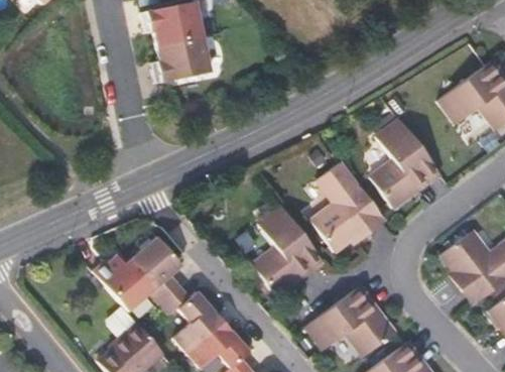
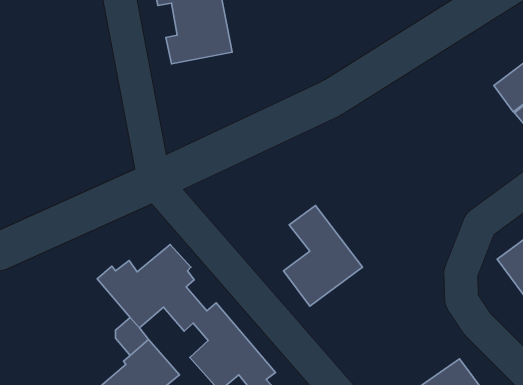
building: [371,119,440,208] -> none
building: [312,162,382,251] -> none
building: [307,286,396,356] -> none

